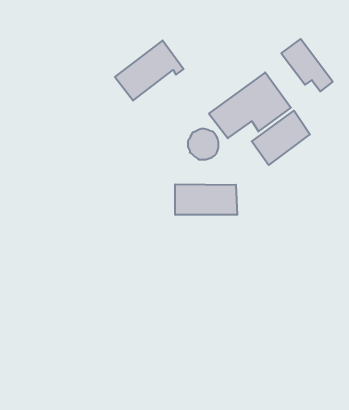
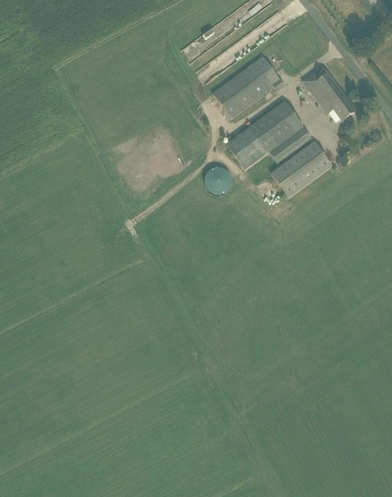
building: [115,40,184,101] -> [212,55,284,118]
building: [175,184,237,215] -> none

